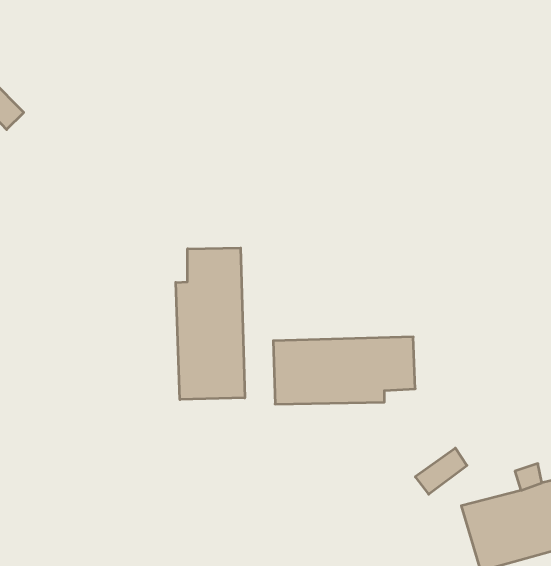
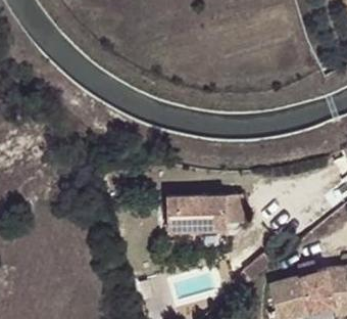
building: [176,248,245,400] -> none

